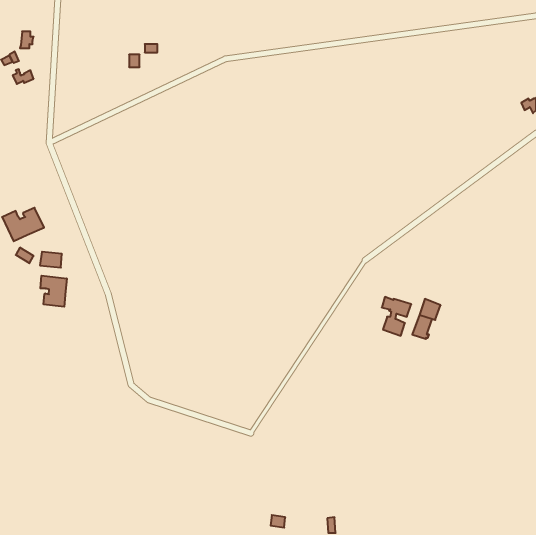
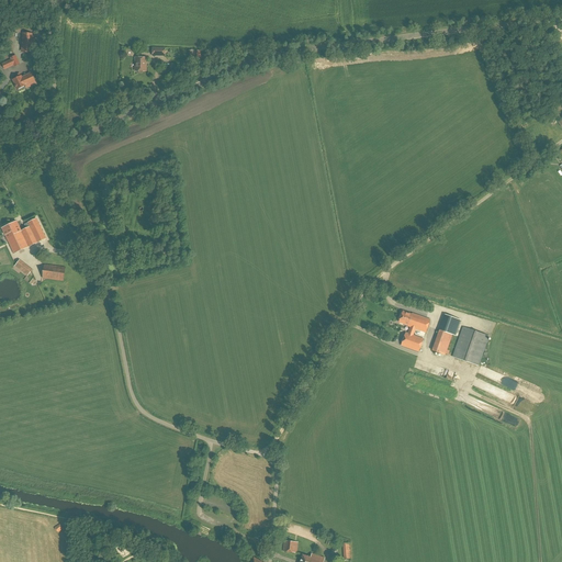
building: [40,276,67,307] -> none
building: none -> [452,326,490,366]

